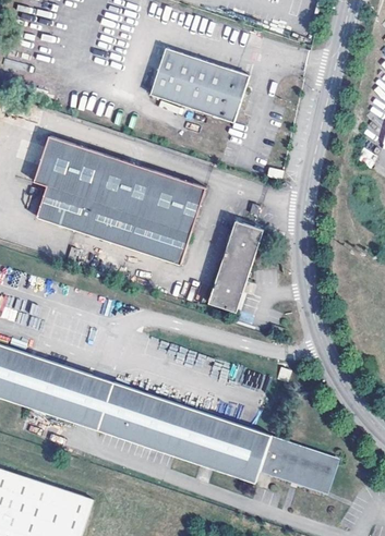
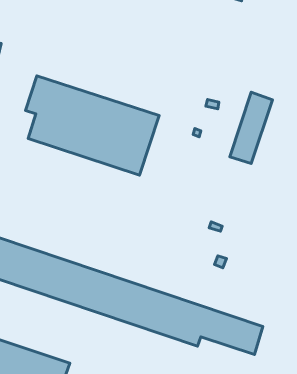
building: [151,47,250,121] -> none
building: [208,220,263,312] -> [230,92,272,164]

